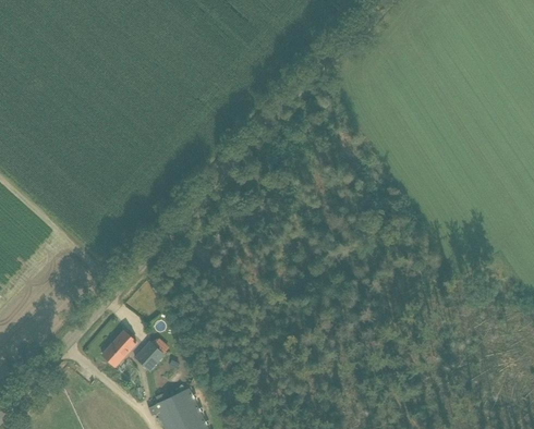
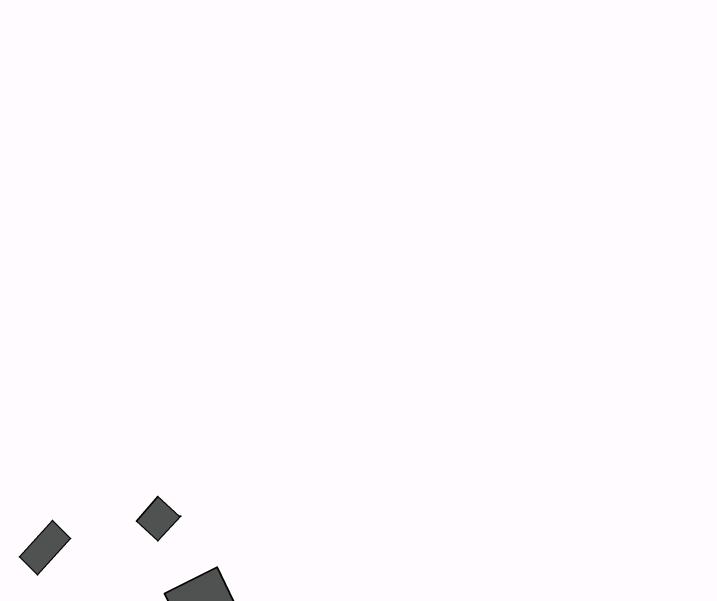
building: [102,330,136,366] -> [19,520,71,575]

